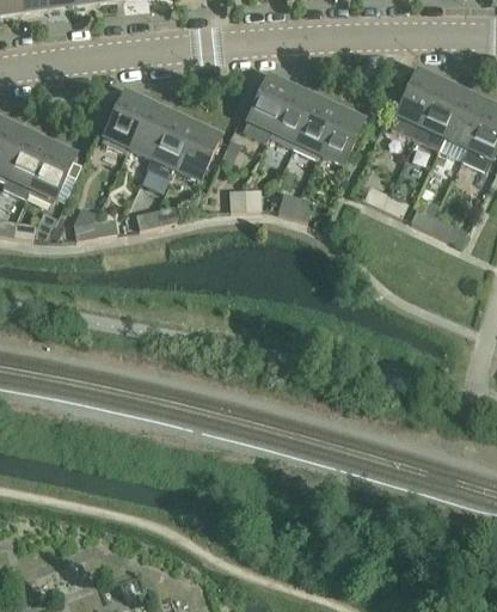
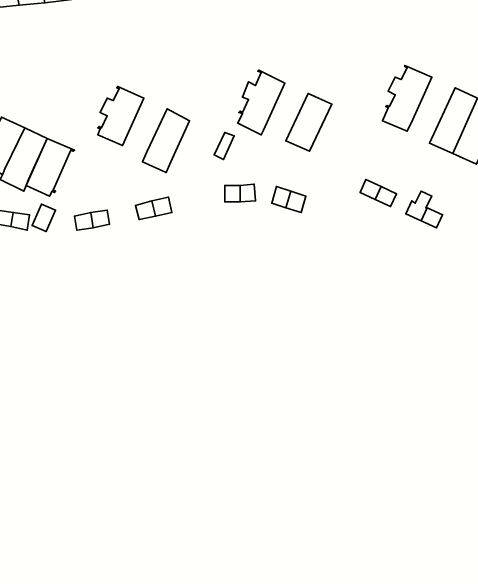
building: [416,81,465,148] -> none
building: [270,87,315,146] -> none
building: [127,103,172,157] -> none
building: [317,109,366,164] -> none
building: [176,126,222,179] -> none

